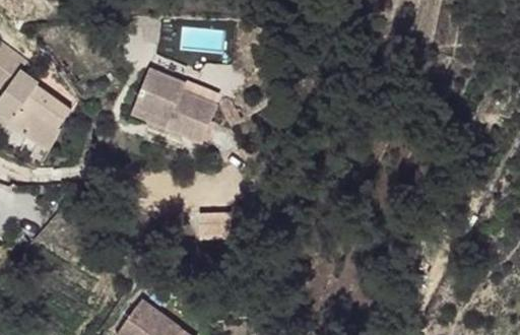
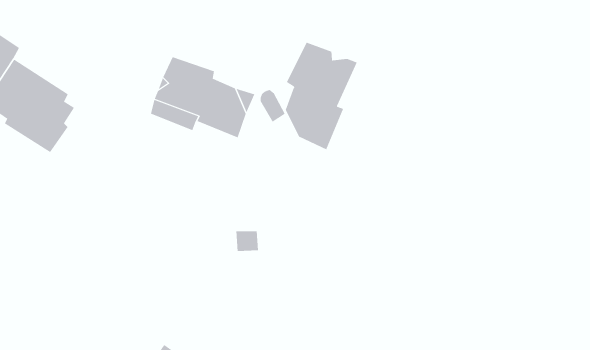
building: none -> [285,42,358,150]

